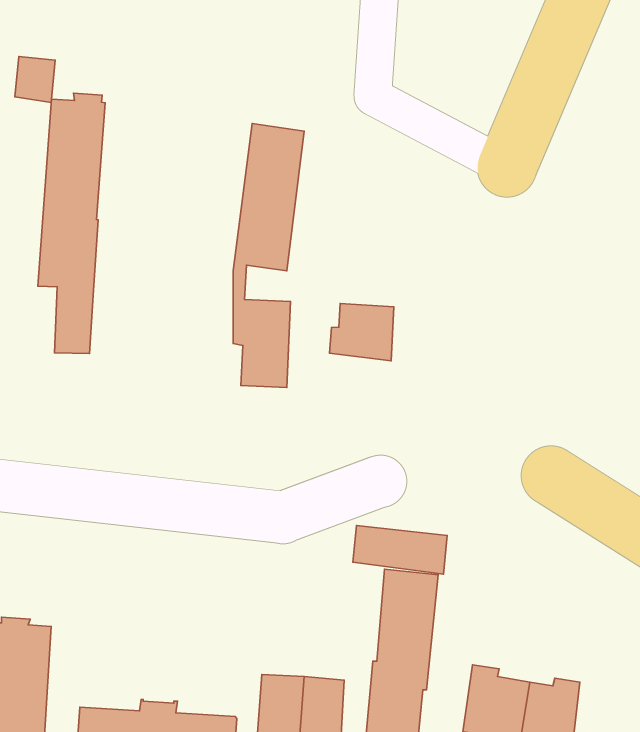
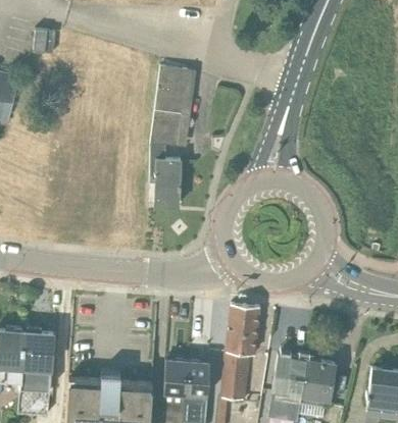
building: [38,93,105,353] -> none
building: [329,303,394,361] -> none
building: [353,525,447,574] -> none

